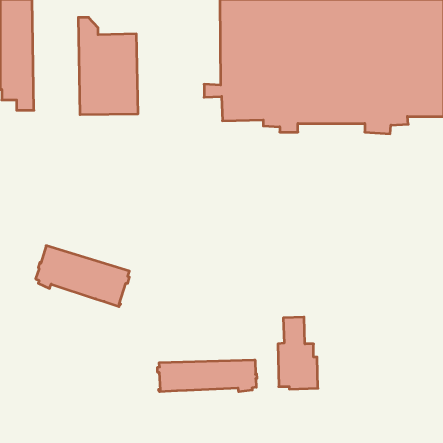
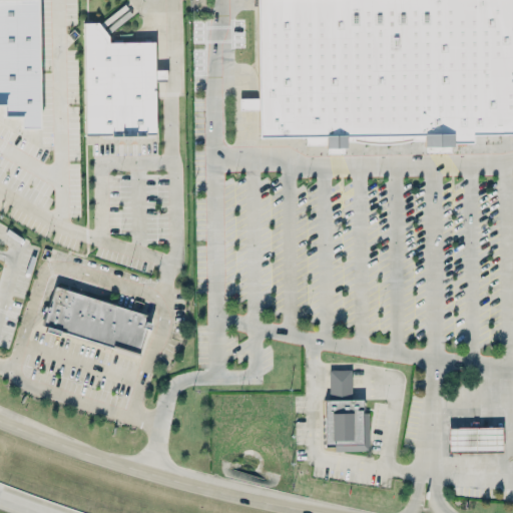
building: [158,360,257,392] -> none
building: none -> [448,426,502,450]

